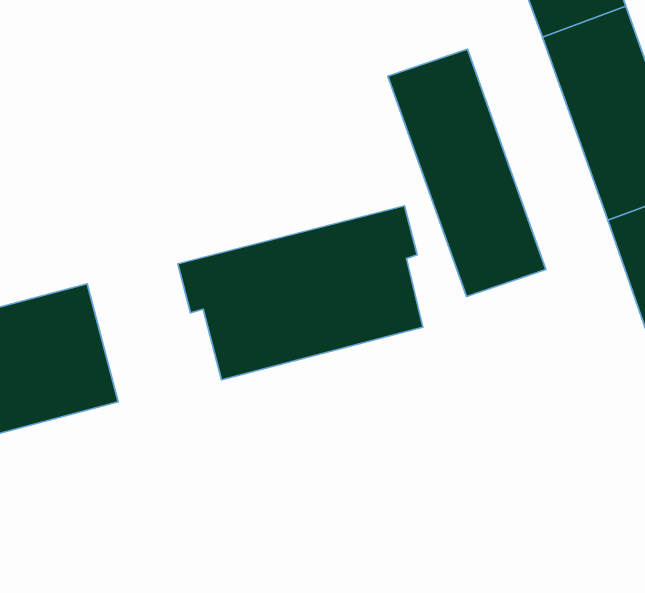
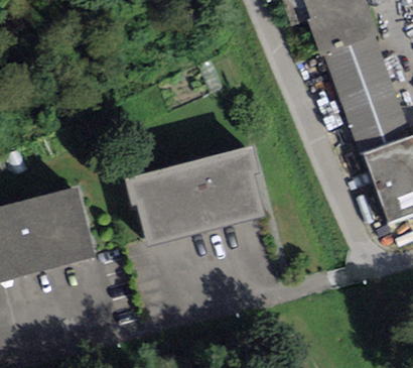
building: [388,49,546,296] -> none

